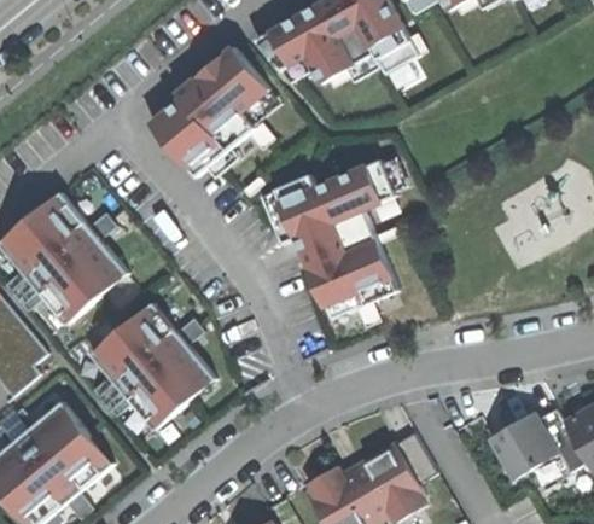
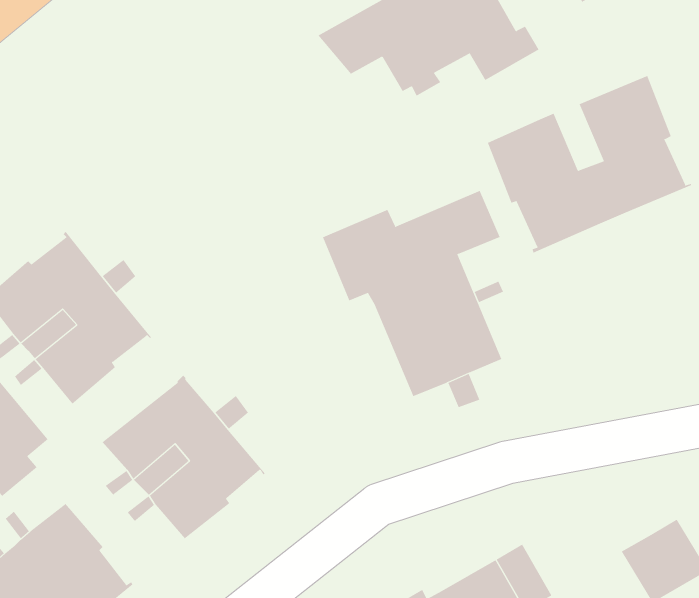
building: [148,45,267,175] -> none
building: none -> [487,75,692,254]

